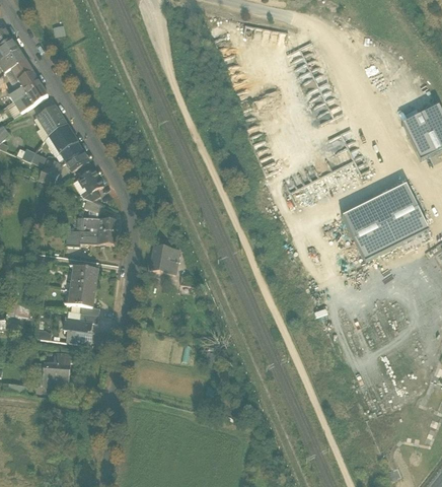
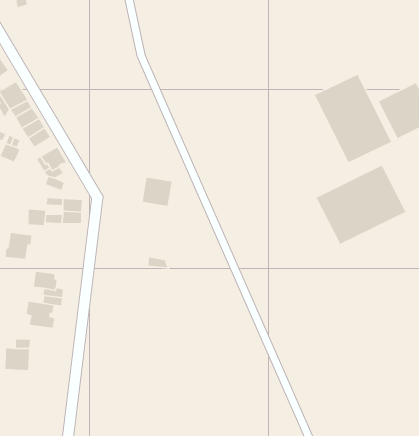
building: none -> [314,74,392,163]
building: [149,241,178,270] -> [142,177,172,206]
building: [71,262,97,288] -> [5,232,32,260]

